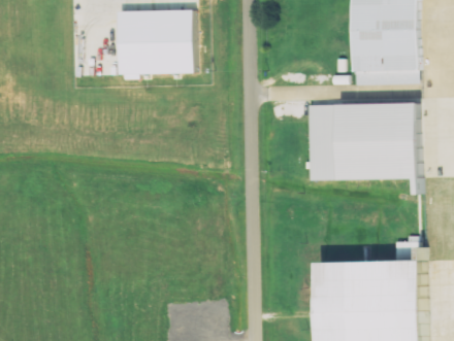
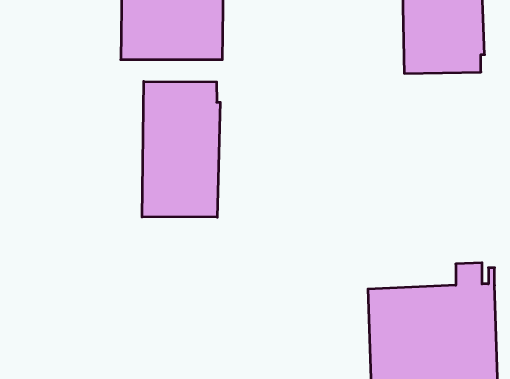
building: none -> [142,81,220,217]
building: [301,102,408,186] -> none

